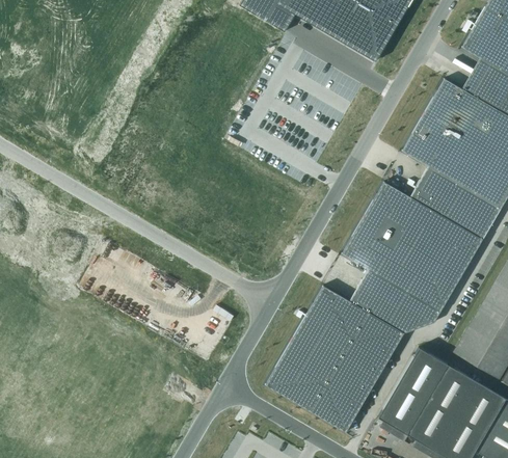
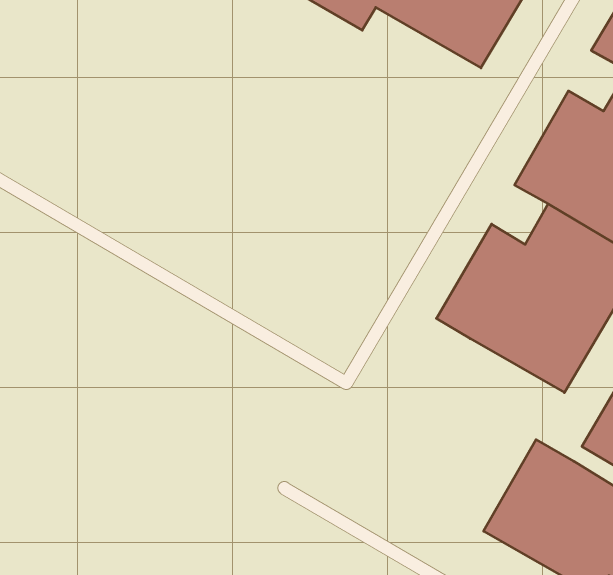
building: [265,269,440,432] -> none

